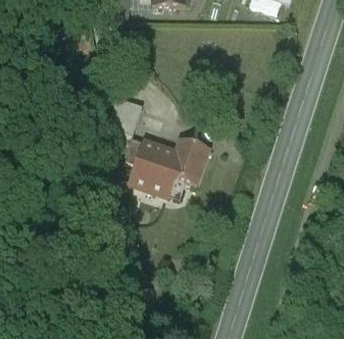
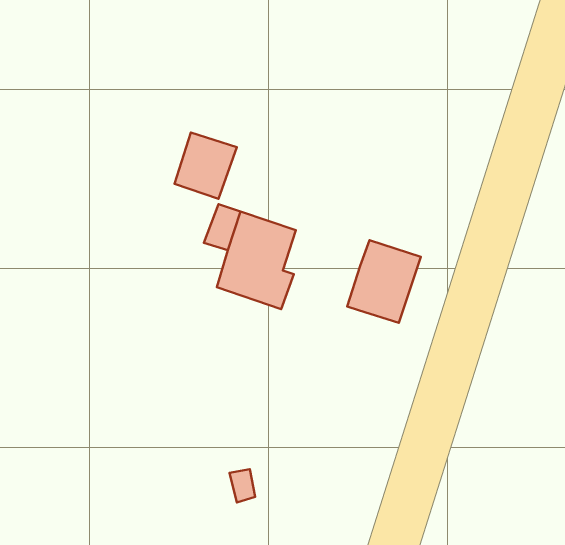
building: [167,140,208,186] -> [347,240,421,323]

